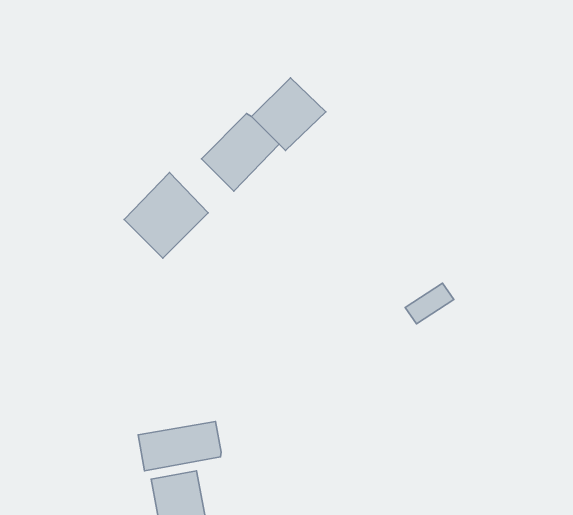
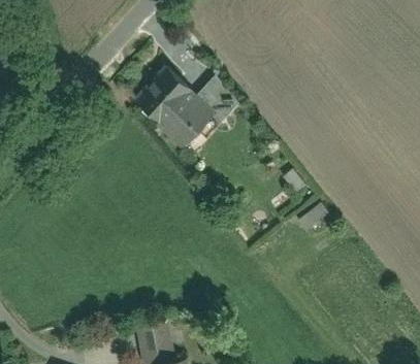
building: [124,173,208,258] -> [141,71,195,126]
building: [138,422,221,471] -> none

